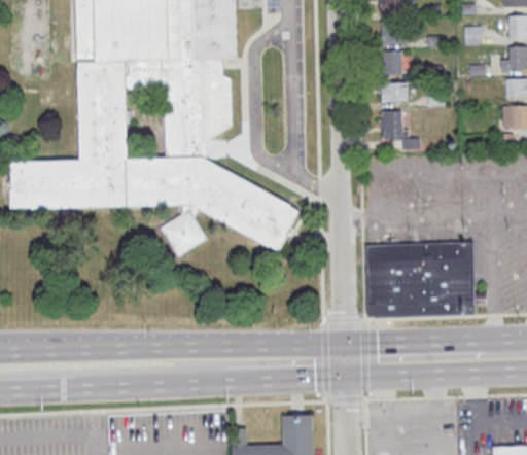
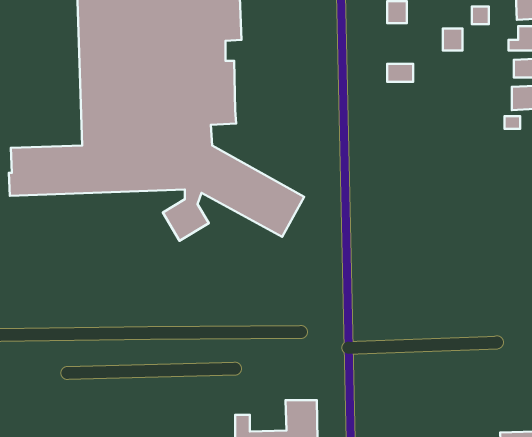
building: [382,50,401,72] -> [443,29,463,51]
building: [380,110,418,148] -> none
building: [364,241,475,318] -> none

